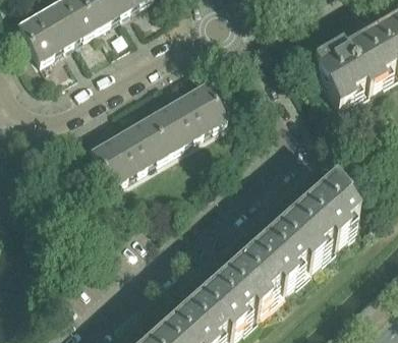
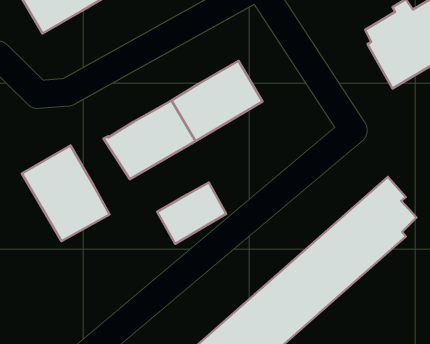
building: none -> [22,146,109,241]
building: none -> [157,183,226,244]

